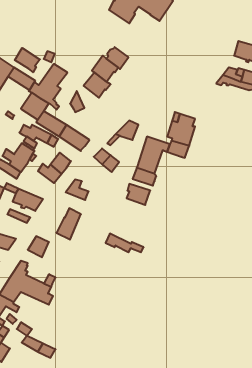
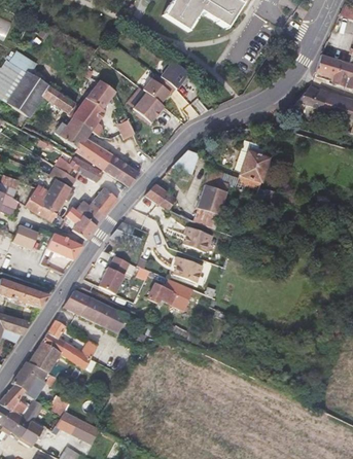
building: [15,48,40,72] -> none
building: none -> [66,207,97,239]
building: none -> [174,256,204,282]
building: none -> [82,297,127,333]

